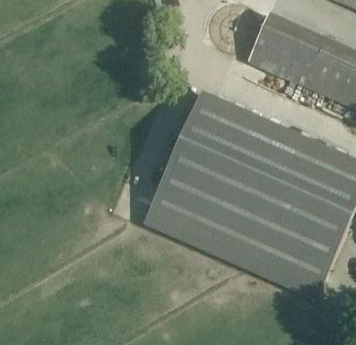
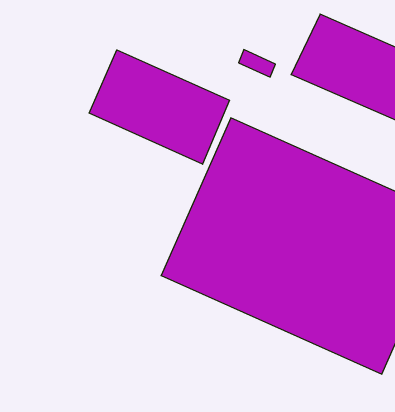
building: none -> [89,50,229,164]

